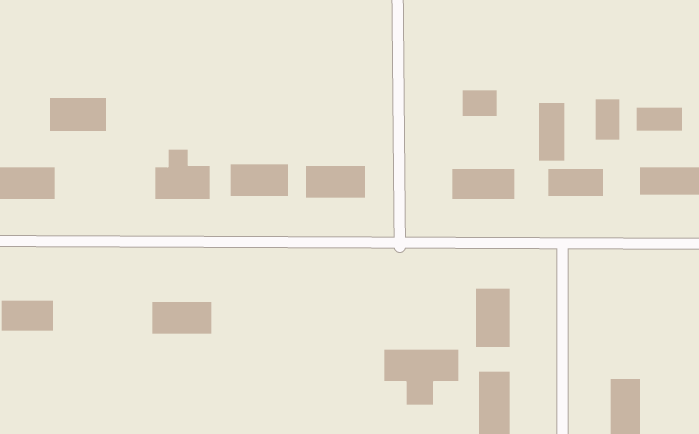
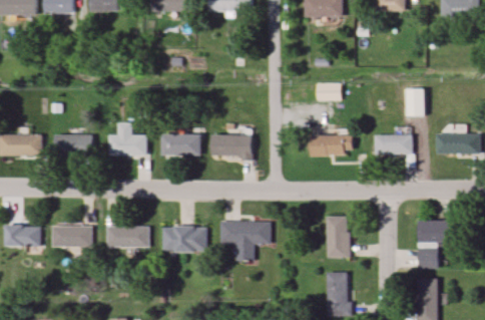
building: [49,98,107,132] -> [53,134,92,157]
building: [539,102,565,162] -> none
building: [636,107,682,132] -> none
building: none -> [418,221,450,269]
building: none -> [51,226,90,247]
building: none -> [160,226,204,252]
building: [384,349,459,405] -> [218,222,270,260]

